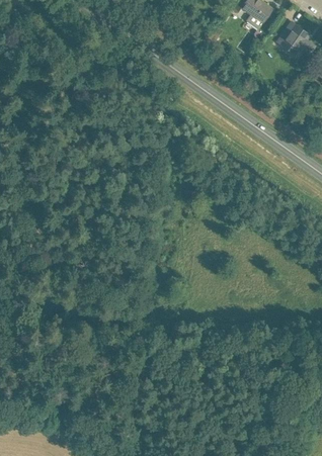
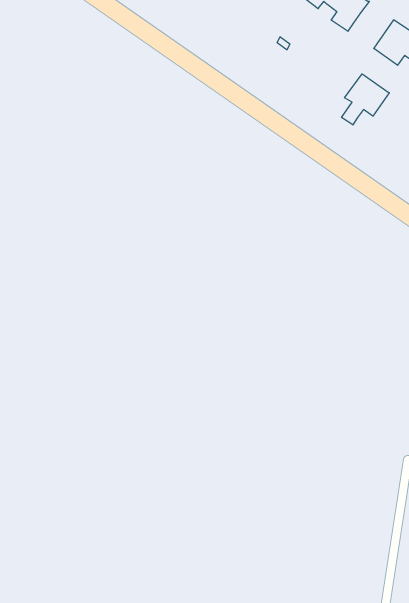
building: none -> [342,74,389,125]

